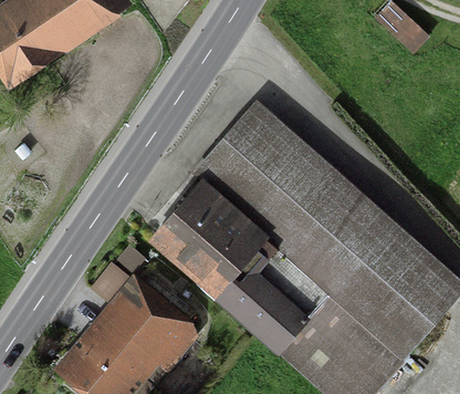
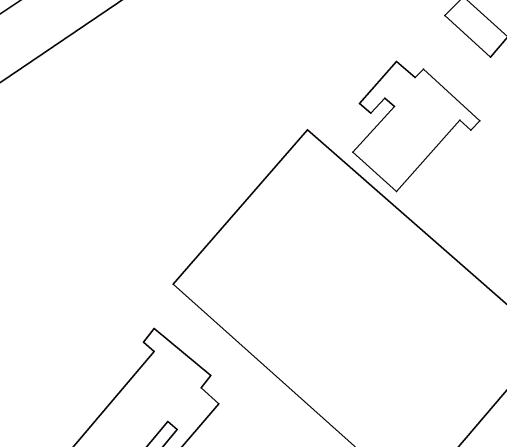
building: none -> [353,61,480,191]

